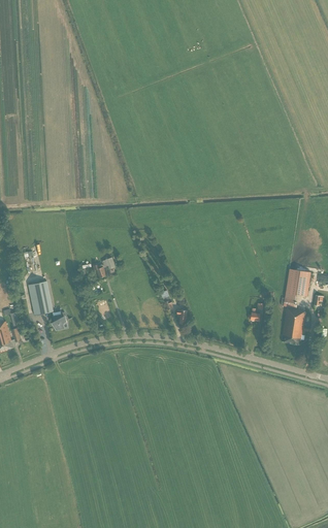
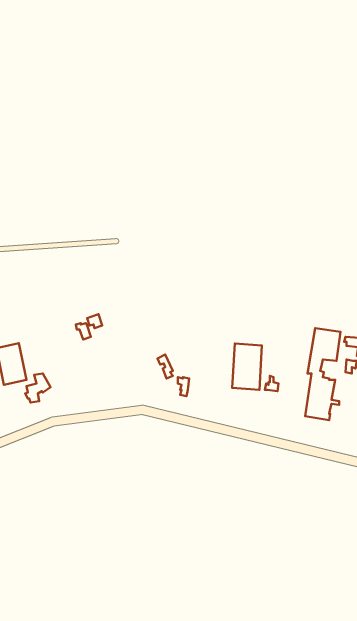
building: none -> [232,344,262,390]

